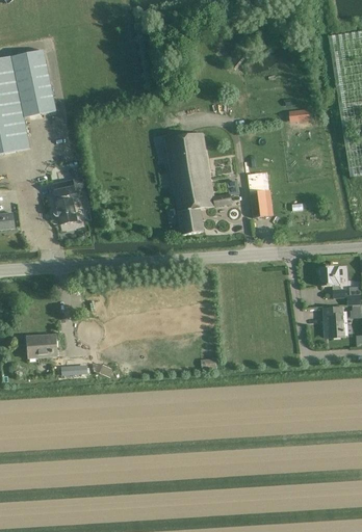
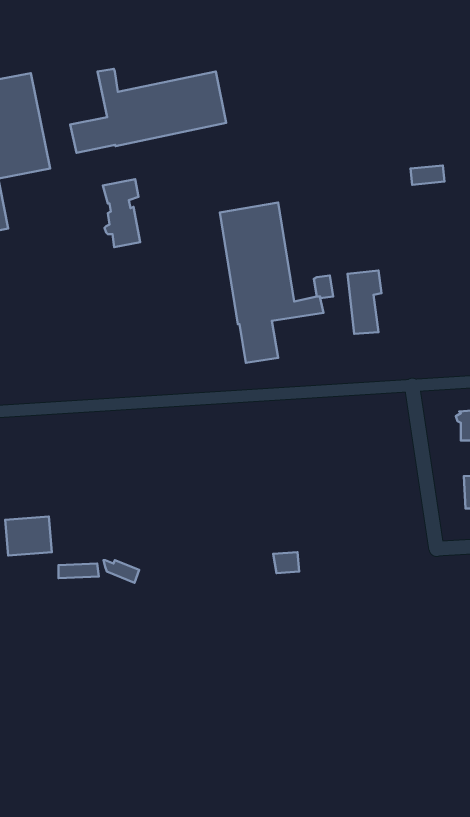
building: none -> [70,69,226,153]
building: [53,180,77,223] -> [103,179,140,247]

